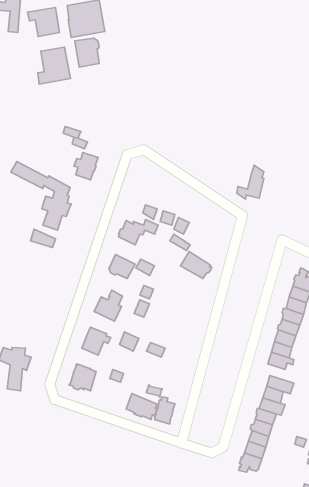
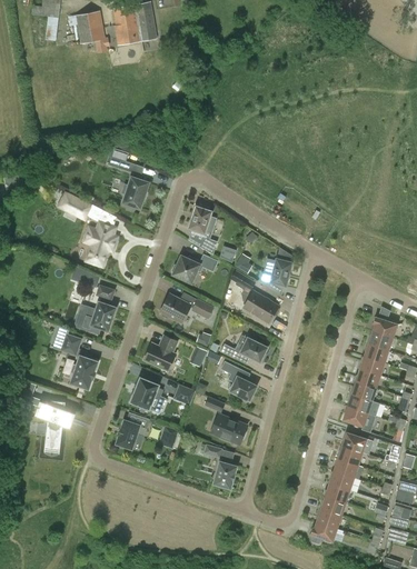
building: [75,38,99,67] -> none
building: [38,47,71,84] -> none
building: [237,165,264,199] -> [260,248,291,287]
building: none -> [189,206,217,233]
building: none -> [77,286,116,335]
building: none -> [63,335,98,390]
building: none -> [220,337,268,362]
building: none -> [221,361,257,402]
building: [126,393,157,420] -> [211,415,247,445]

